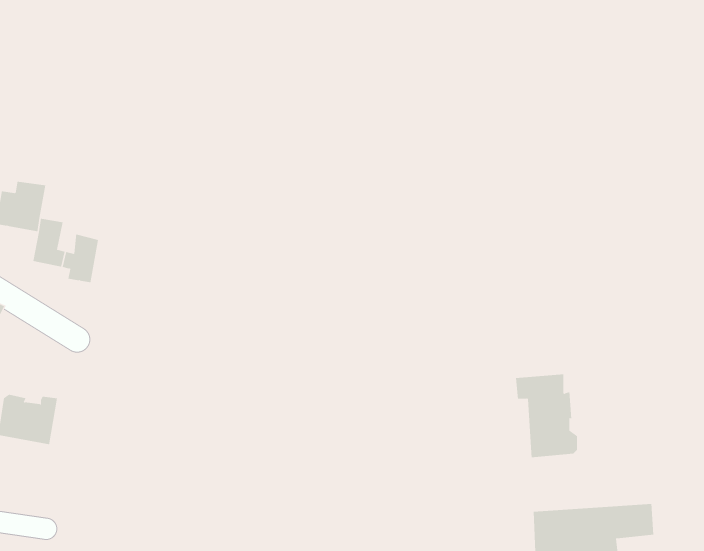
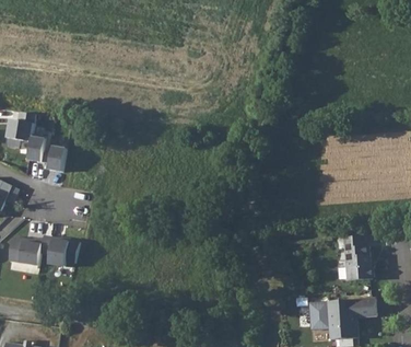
building: [515,374,578,458] -> [338,235,373,282]
building: none -> [40,236,79,266]

